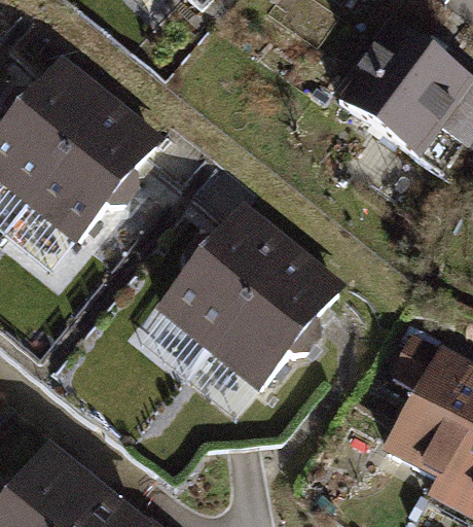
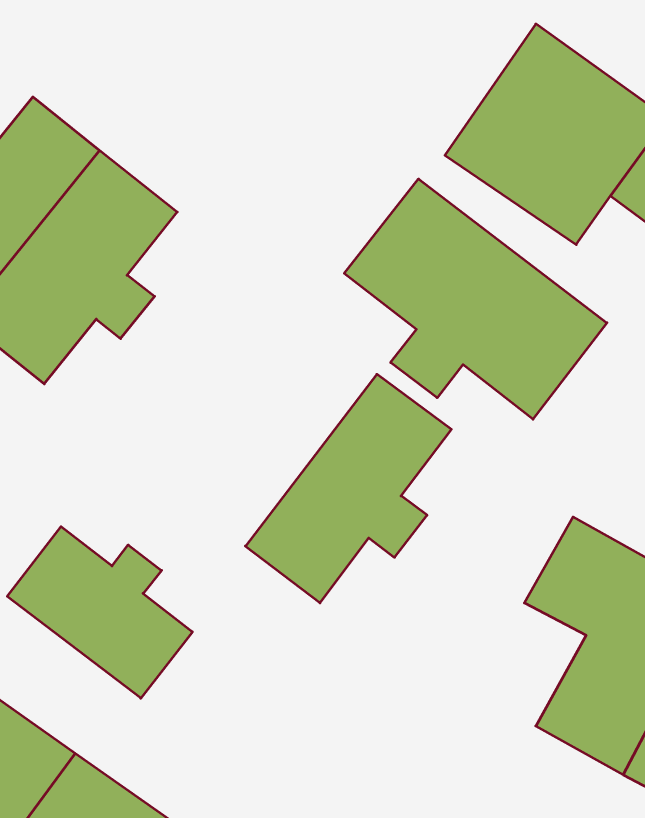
building: none -> [344,179,607,419]
building: [151,204,288,349] -> none
building: none -> [7,527,192,698]

